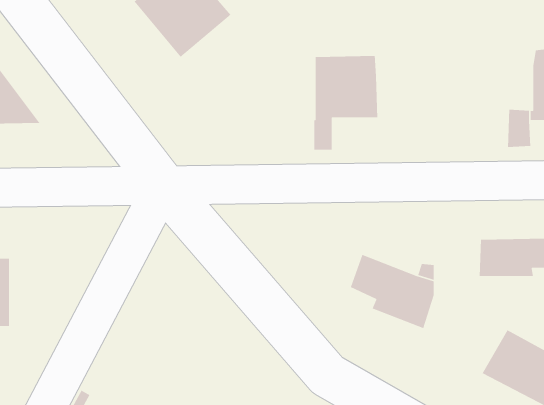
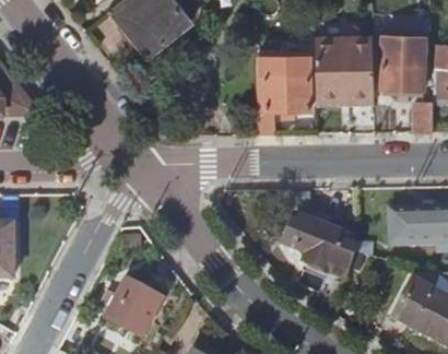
building: none -> [314,37,374,98]
building: none -> [380,37,422,91]
building: none -> [107,278,160,333]

